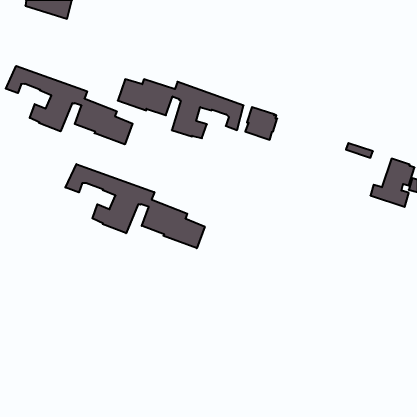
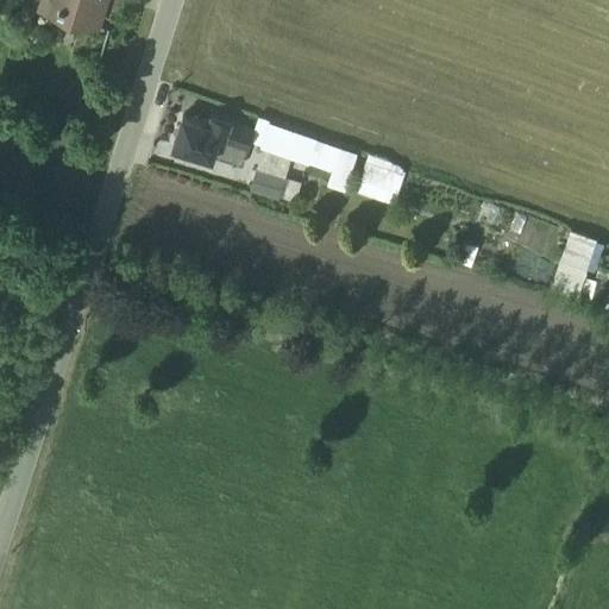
building: [6,66,133,144] -> none
building: [65,164,205,248] -> none

